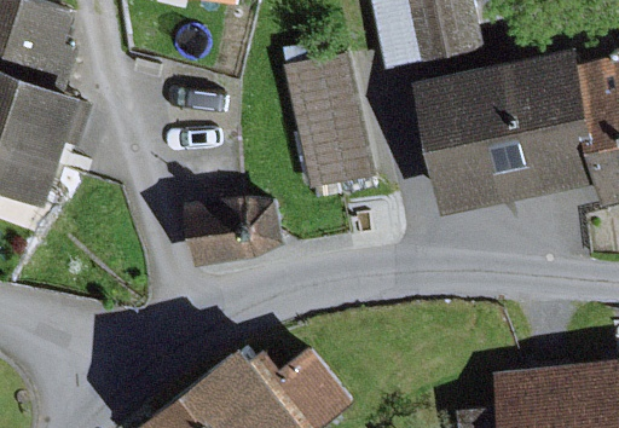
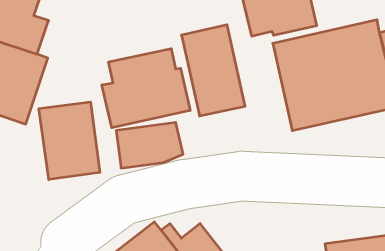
building: none -> [102,49,190,128]
building: none -> [39,102,100,180]

